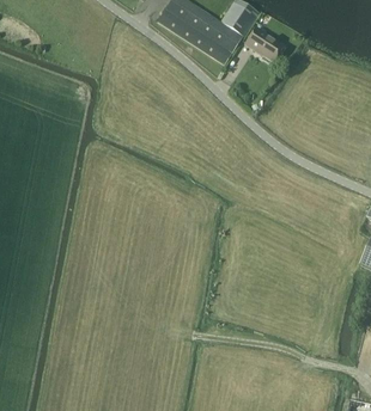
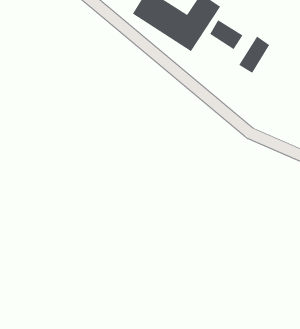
building: none -> [238,36,270,74]

